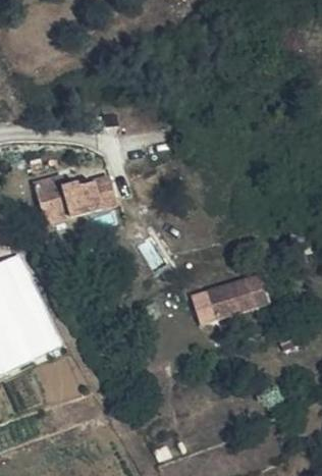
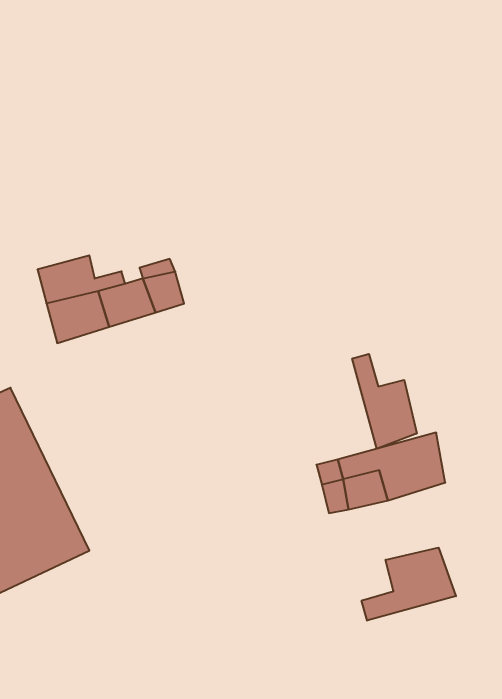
building: none -> [352,354,417,449]
building: none -> [362,548,456,621]

